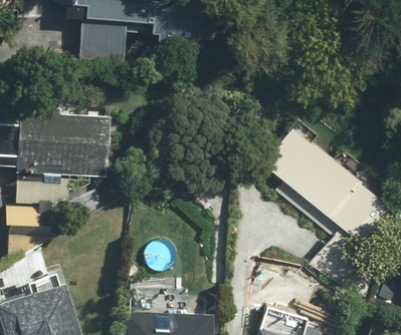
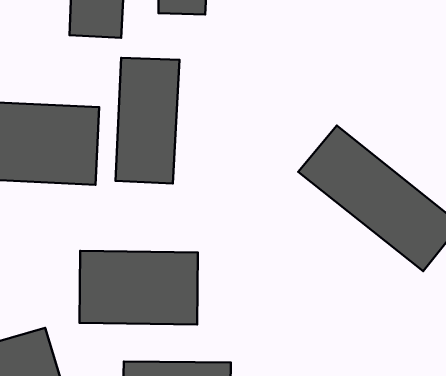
building: none -> [115,58,180,183]
building: none -> [79,251,198,324]

